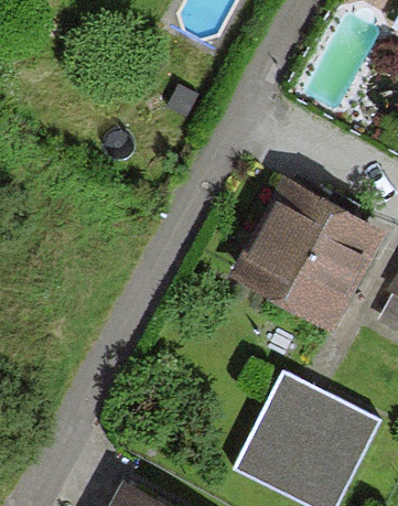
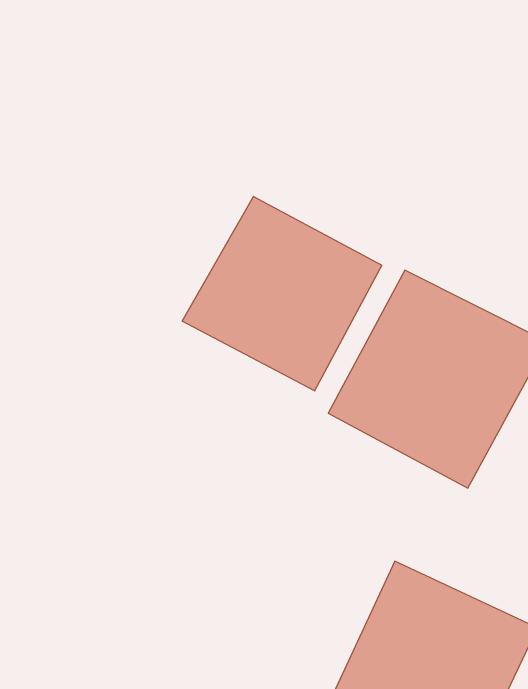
building: none -> [182,196,382,391]

